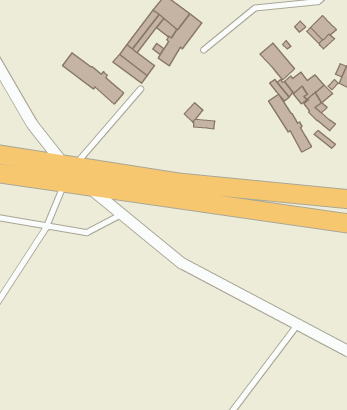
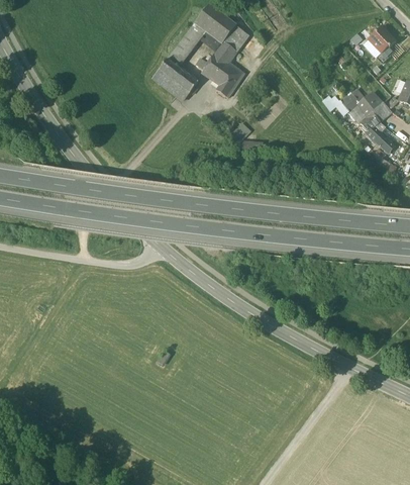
building: [260,43,294,80] -> none
building: none -> [214,61,244,97]
building: [63,53,123,104] -> none
building: [269,94,311,152] -> none

